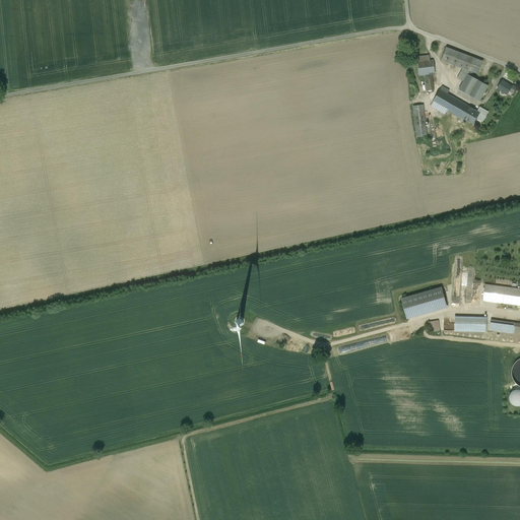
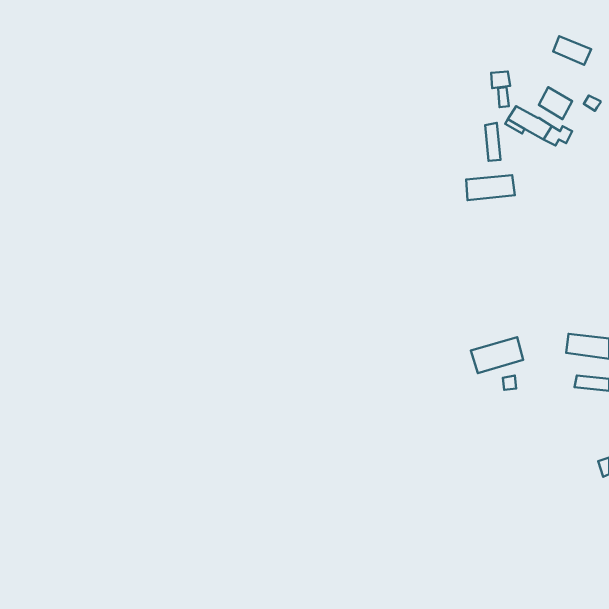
building: [442,47,474,71] -> [553,36,591,65]
building: none -> [466,175,515,200]
building: [455,316,486,331] -> none

